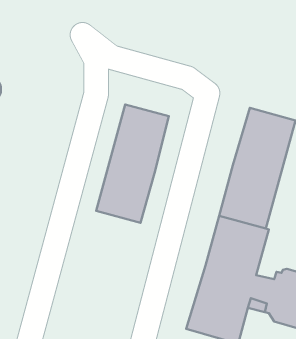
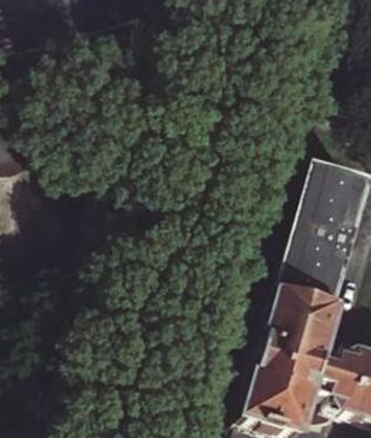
building: [96,104,169,223] -> none

